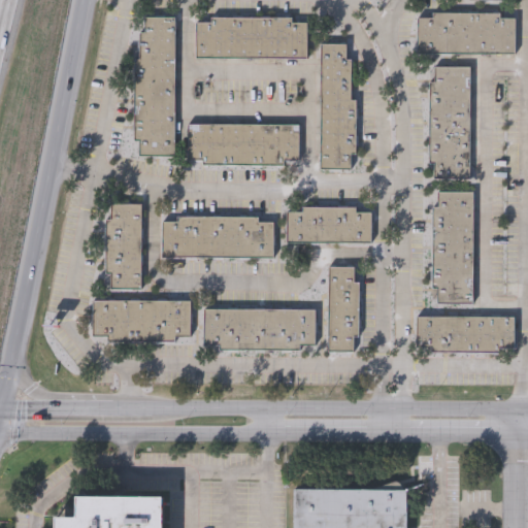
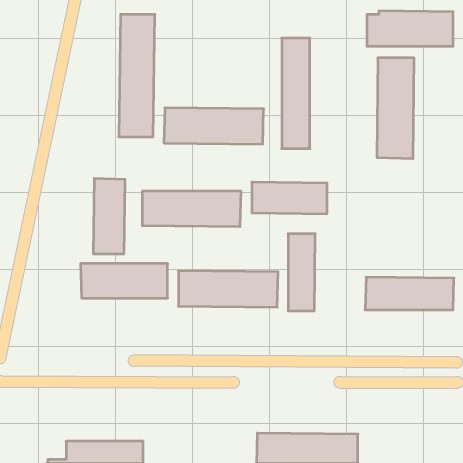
building: [196,18,307,58] -> none
building: [433,191,474,303] -> none

